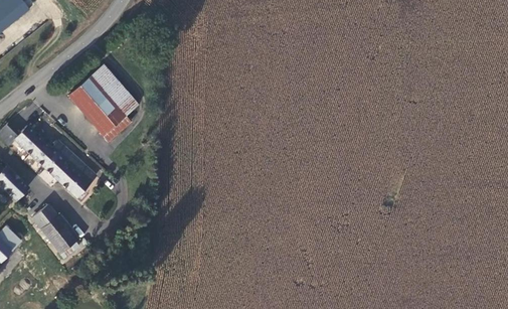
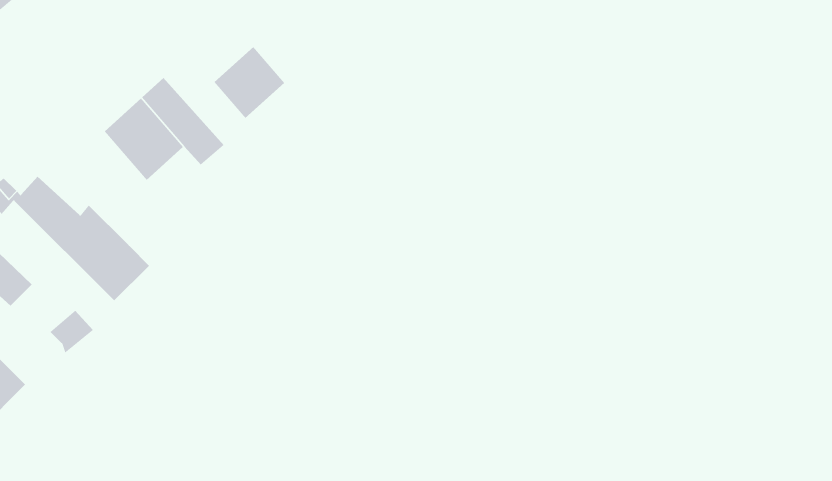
building: none -> [213,46,285,119]
building: [93,106,130,142] -> none
building: [44,214,80,250] -> none

